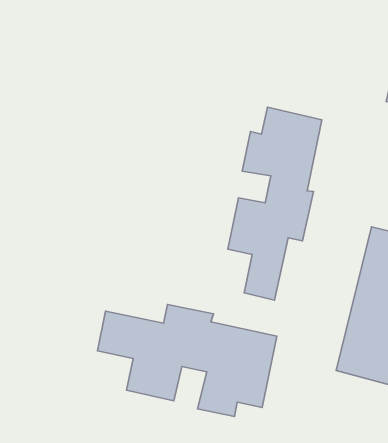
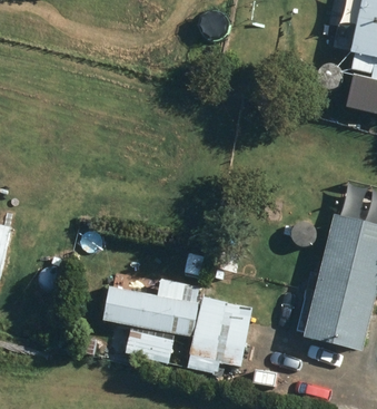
building: [228,107,322,300] -> none

